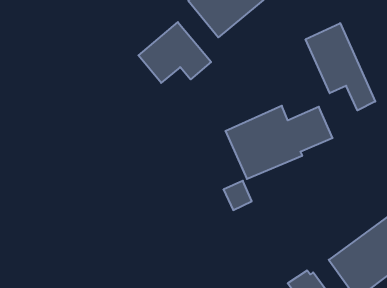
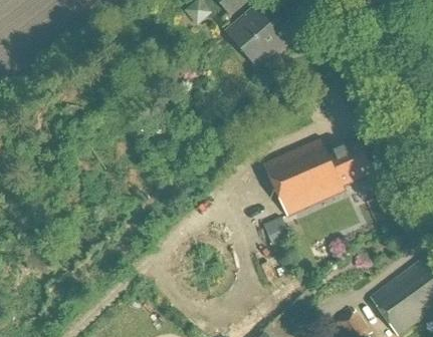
building: [138,22,211,83] -> none
building: [306,23,375,110] -> none

